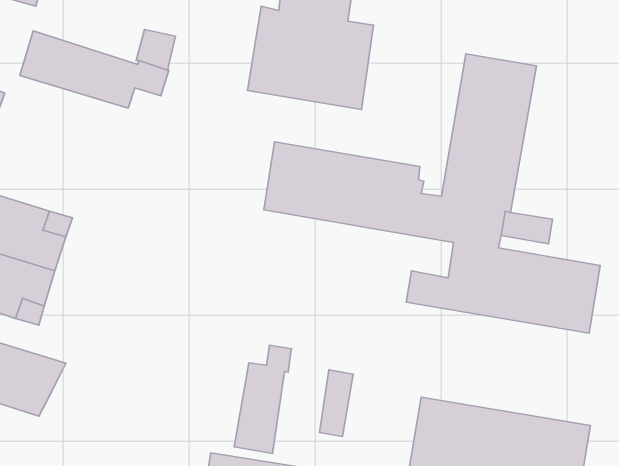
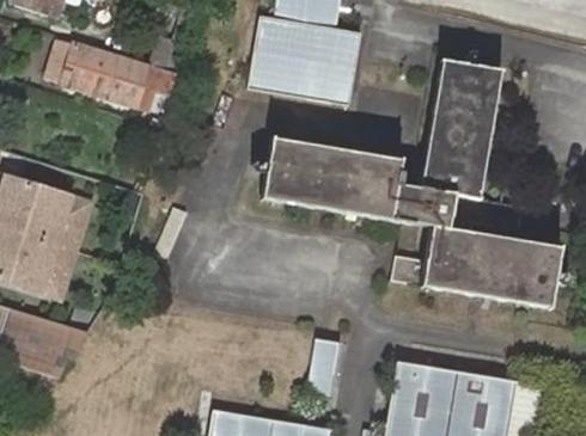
building: [234,345,292,453] -> none

